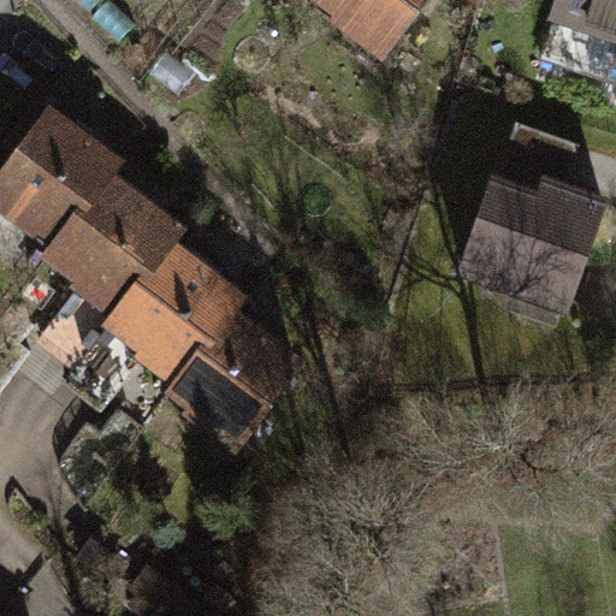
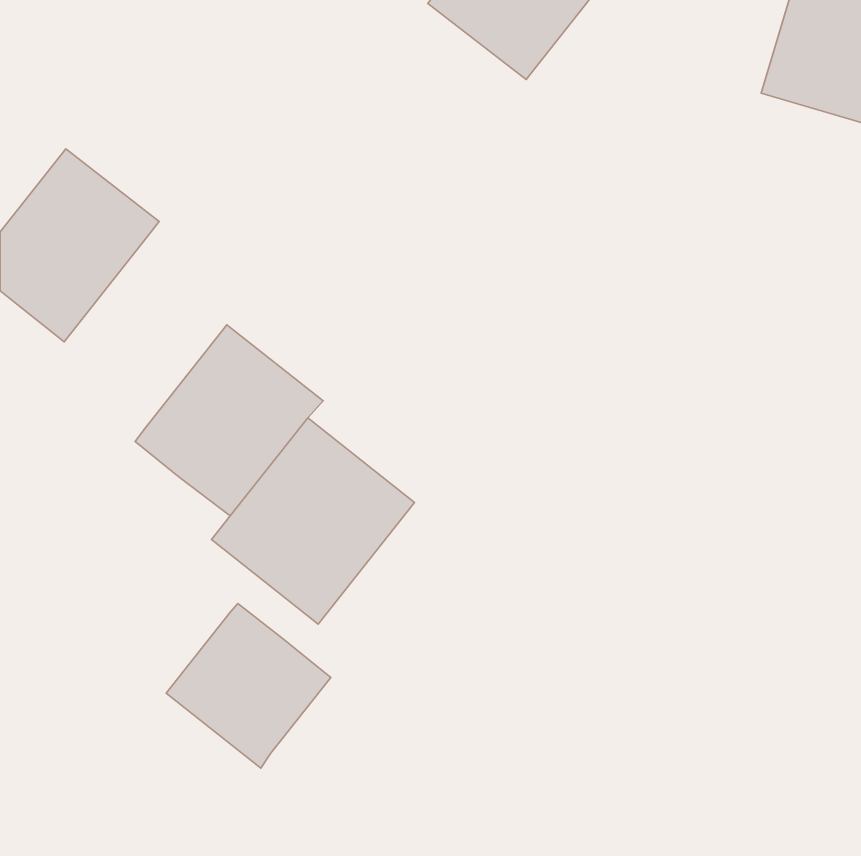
building: [40,168,173,306] -> none
building: [461,176,605,318] -> none
building: none -> [166,603,331,768]

